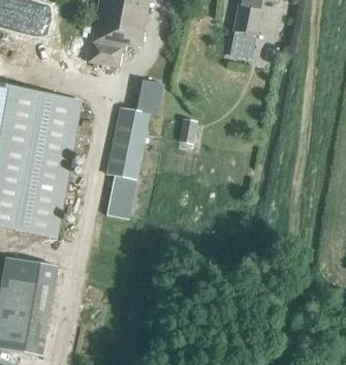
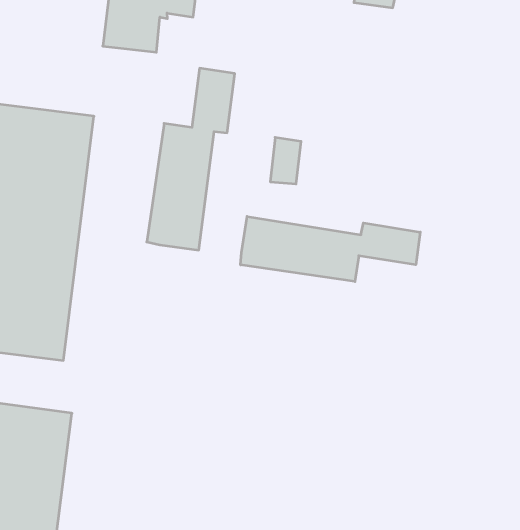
building: none -> [241,216,420,282]
building: [105,175,135,218] -> none

